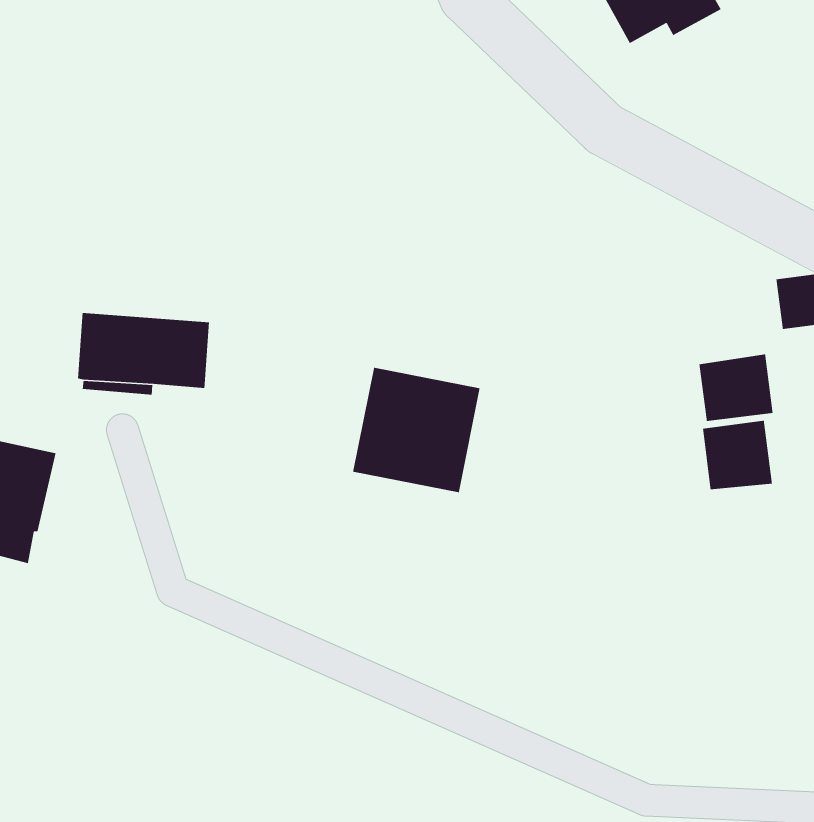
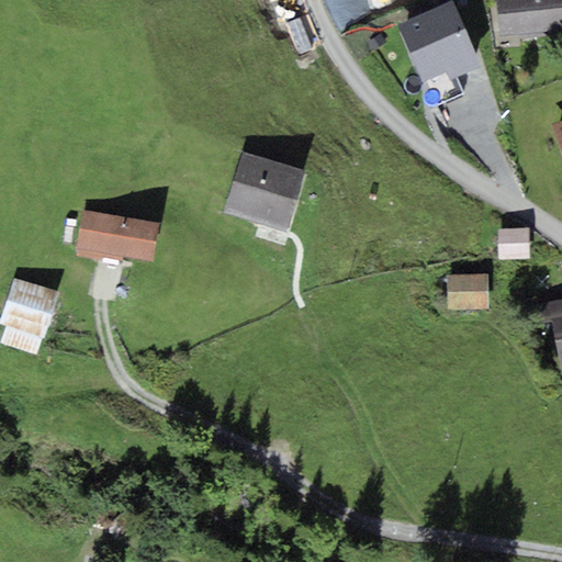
building: [352,367,481,493] -> [223,150,304,231]
building: [702,420,773,490] -> none

